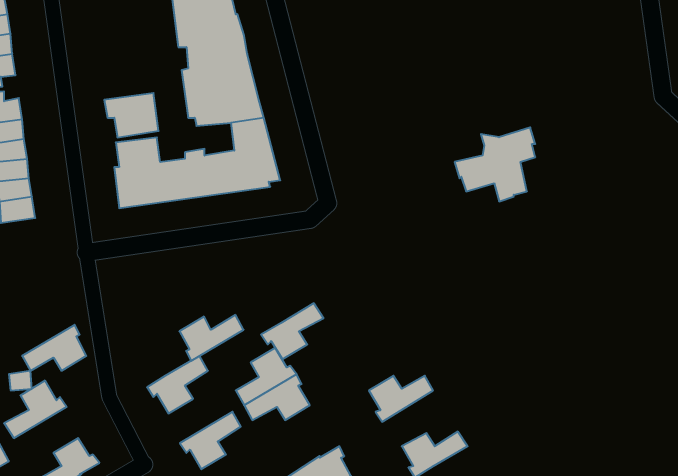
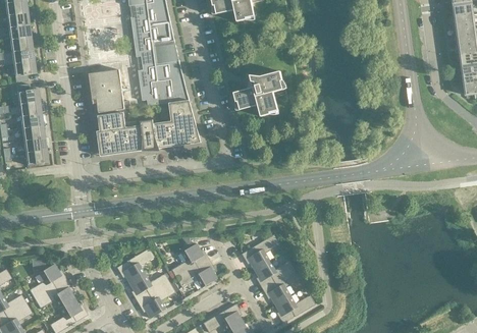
building: none -> [89,69,121,89]
building: [455,127,535,201] -> [233,70,283,116]
building: [261,303,324,359] -> [242,234,280,269]
building: [179,315,244,361] -> [130,273,170,301]
building: [22,325,86,371] -> [35,279,74,308]
building: none -> [263,269,301,303]

